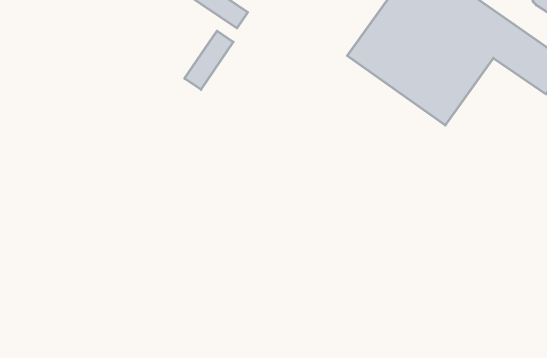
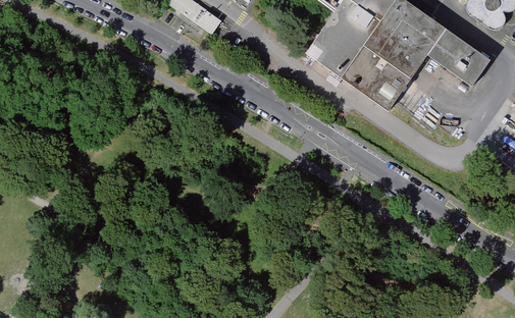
building: [185,31,233,90] -> none

